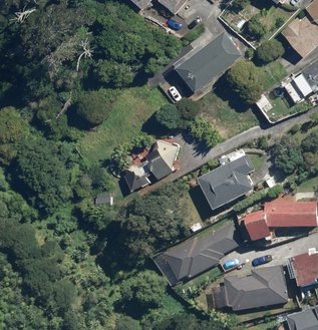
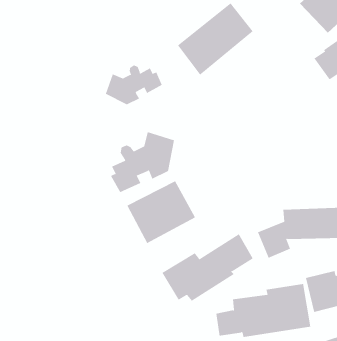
building: none -> [105,64,162,105]
building: [195,158,253,212] -> [127,180,196,244]

